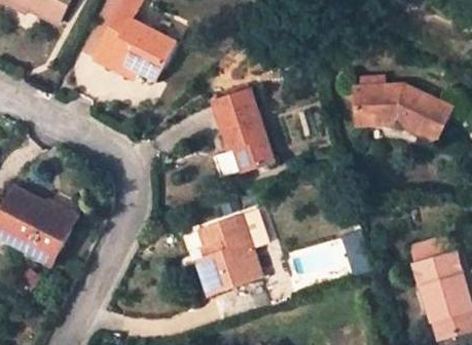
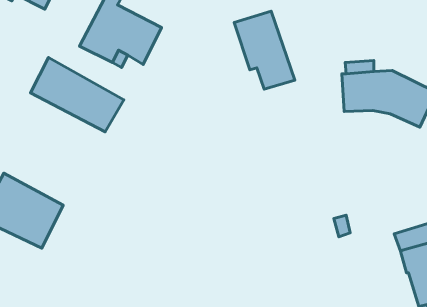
building: none -> [31,58,124,132]
building: [213,91,274,169] -> [234,11,295,89]
building: [195,210,267,295] -> none

